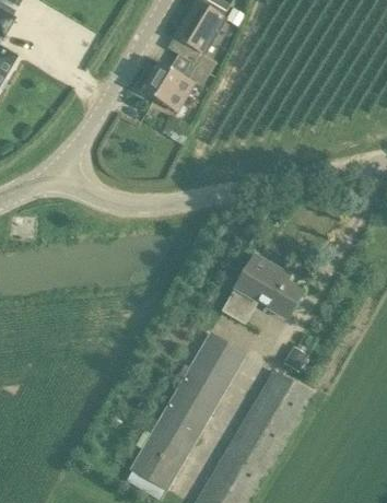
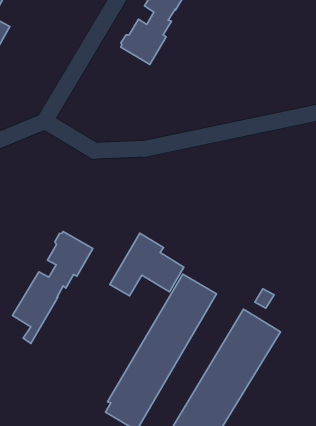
building: [224,254,303,320] -> [110,233,184,296]
building: none -> [13,231,93,344]

